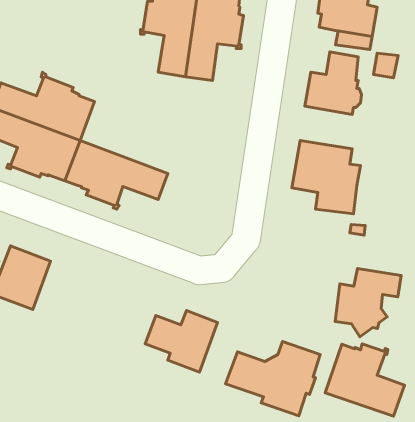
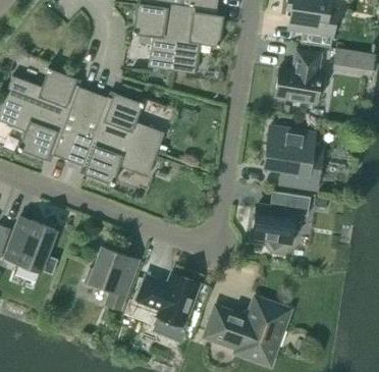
building: none -> [82,93,165,155]
building: [335,268,401,337] -> [254,192,311,251]
building: none -> [85,248,139,310]
building: [325,344,405,416] -> none

